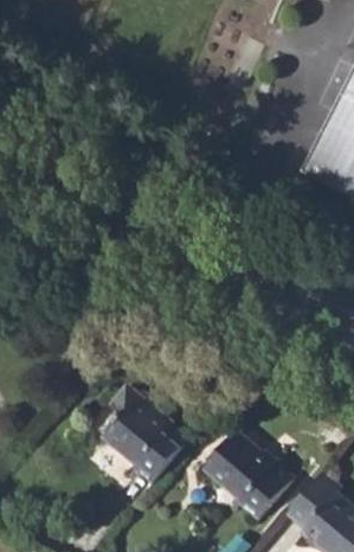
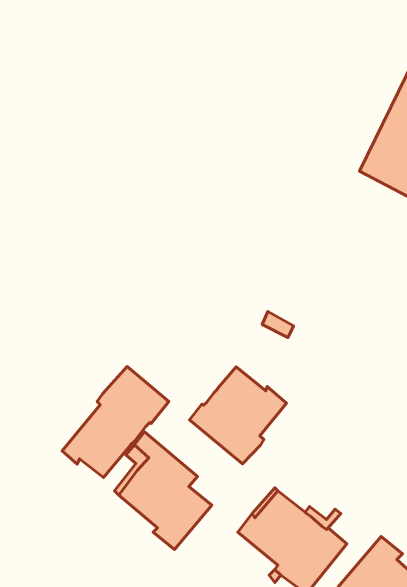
building: none -> [62,367,169,477]
building: none -> [190,367,286,464]

